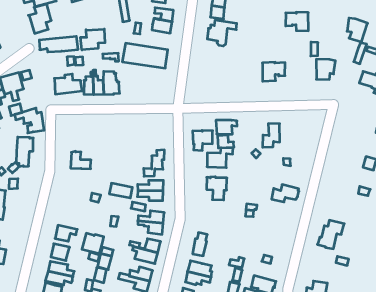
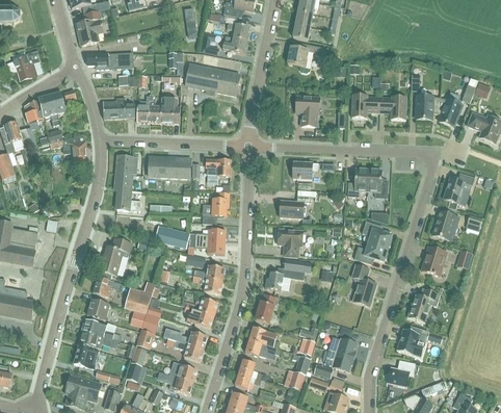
building: [286,12,308,31] -> [377,97,405,120]
building: [347,18,368,42] -> [436,98,460,127]
building: [81,29,105,50] -> none
building: none -> [295,96,318,126]
building: none -> [148,156,190,178]
building: none -> [442,173,473,203]
building: none -> [367,170,387,198]
building: [193,130,213,150] -> [206,159,230,183]
building: [16,137,33,167] -> [114,155,136,190]
building: none -> [431,211,455,239]
building: none -> [361,221,391,249]
building: none -> [420,247,445,276]
building: none -> [99,238,131,276]
building: none -> [264,260,311,290]
building: none -> [350,265,376,307]
building: none -> [395,329,419,355]
building: none -> [327,337,357,358]

